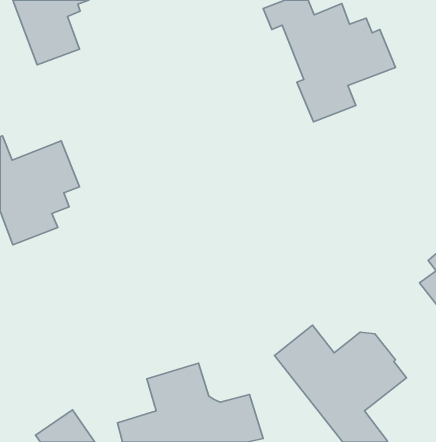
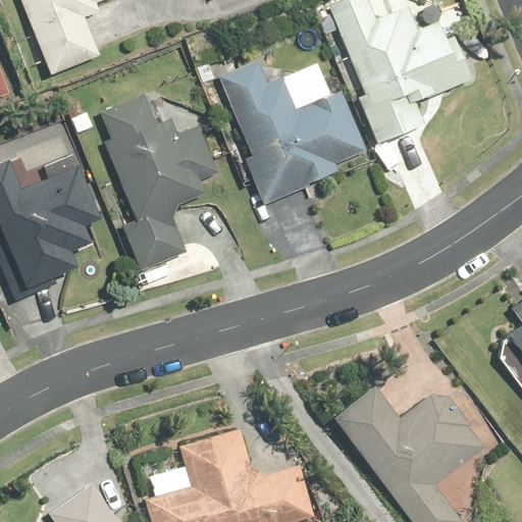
building: none -> [220,60,367,203]
building: none -> [101,95,218,270]

